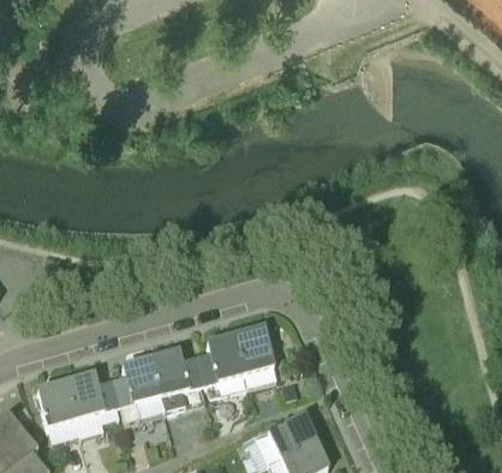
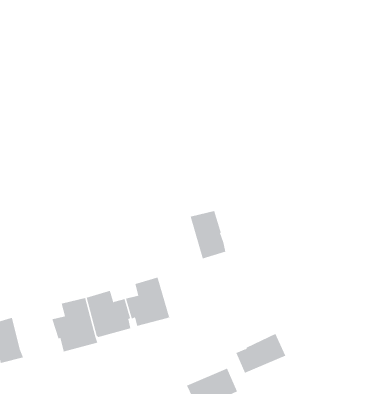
building: [234,325,276,382] -> [190,210,226,259]
building: [65,372,118,426] -> none
building: [256,412,315,459] -> [235,333,286,373]

